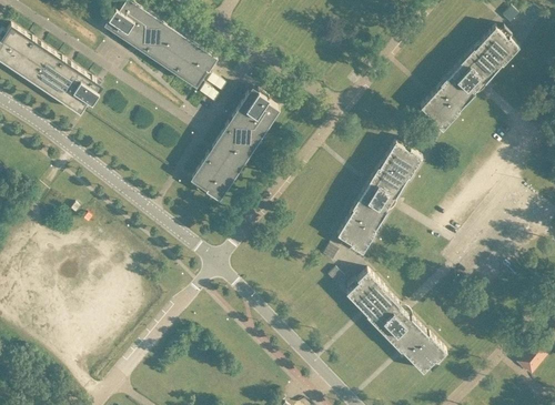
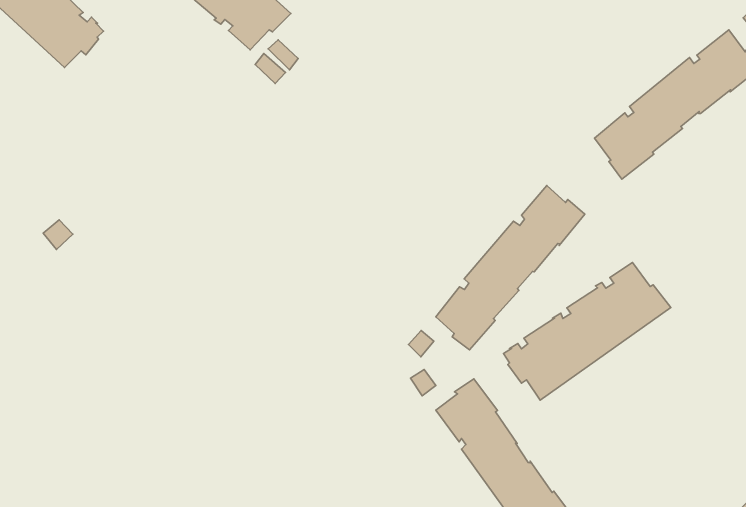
building: [191,90,279,201] -> none
building: none -> [503,262,671,400]

